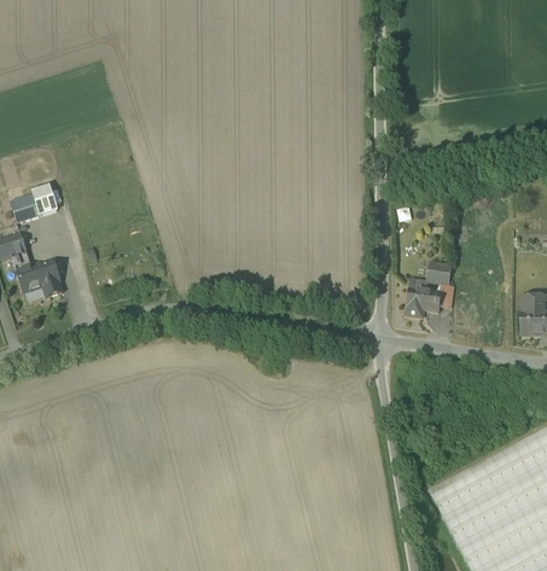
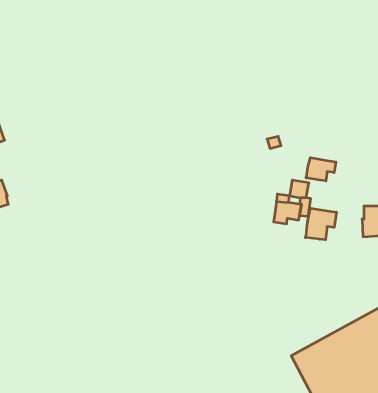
building: none -> [306,158,336,181]
building: none -> [305,208,336,240]

